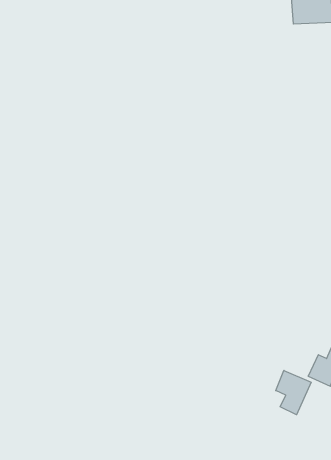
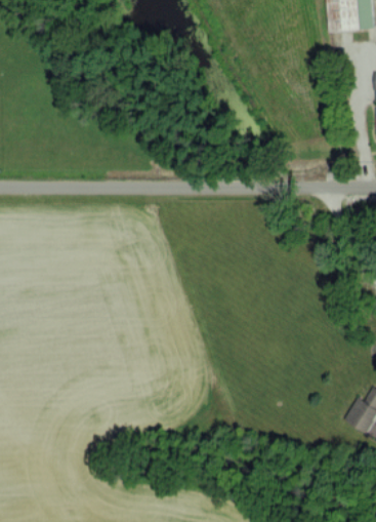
building: [276,370,311,415] -> none

